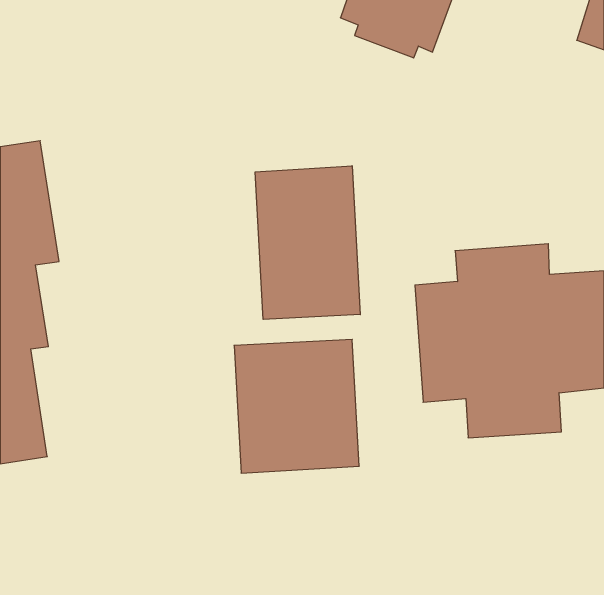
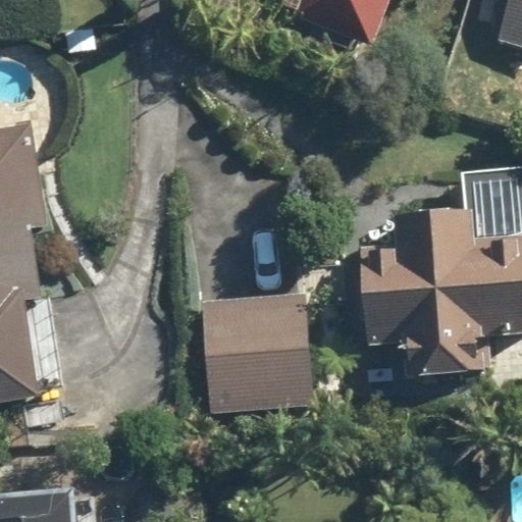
building: [255,166,360,319] -> none

